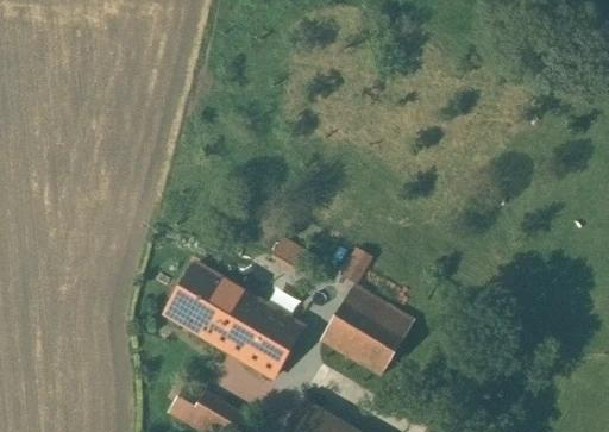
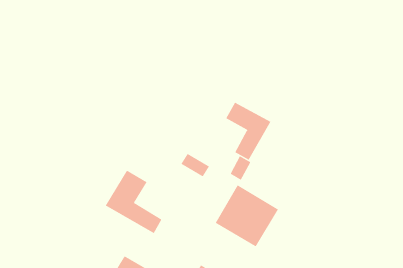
building: none -> [226,102,271,160]
building: [207,280,302,376] -> none

